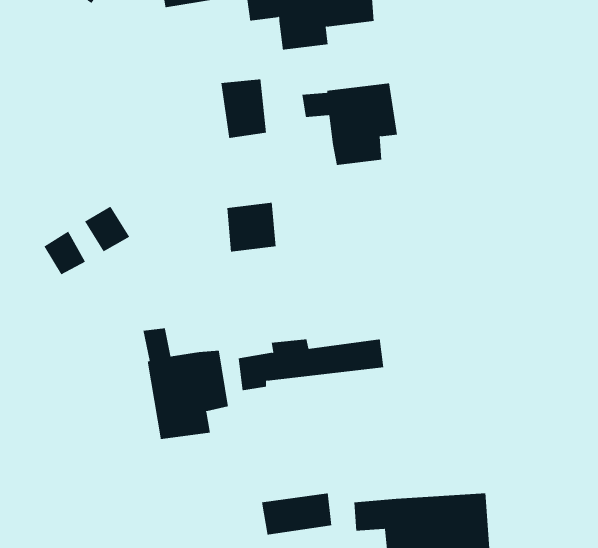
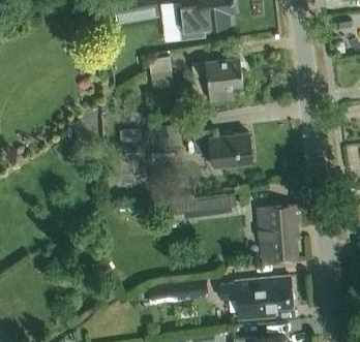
building: none -> [192,131,252,168]
building: [143,328,229,440] -> none
building: none -> [259,206,300,263]

